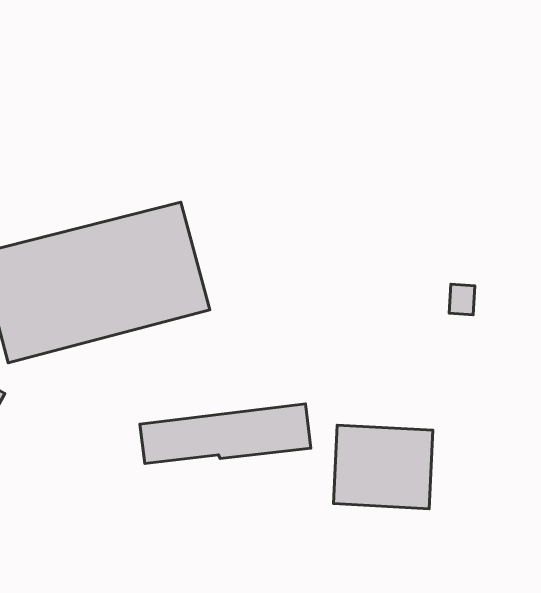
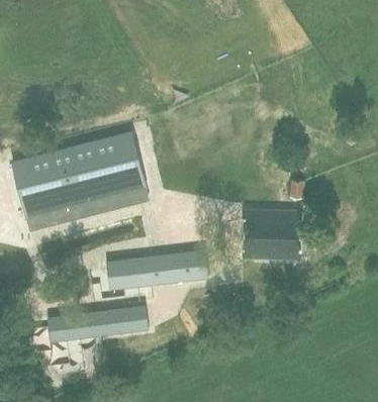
building: [334,425,433,509] -> [244,210,302,260]
building: none -> [35,306,148,359]

